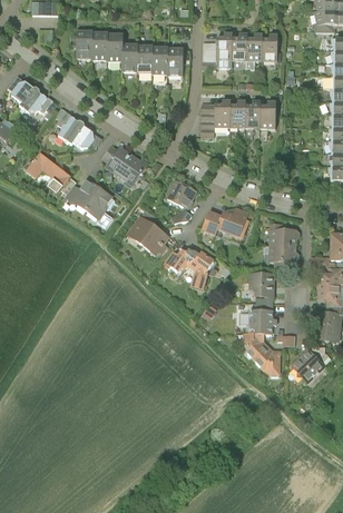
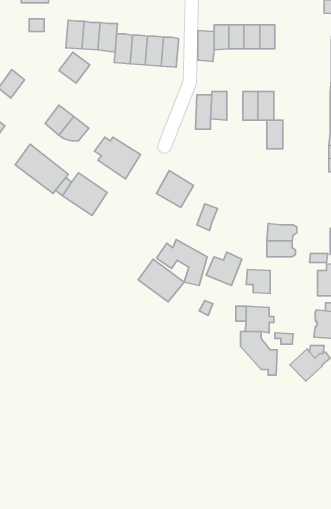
building: [21,89,51,119] -> [59,52,90,83]
building: [231,100,246,128] -> [267,120,283,149]
building: [216,205,251,237] -> [206,252,242,285]
building: [128,215,173,256] -> [138,259,184,302]

